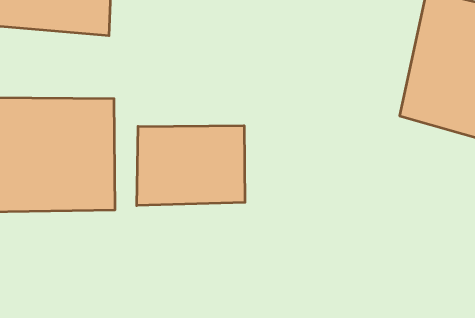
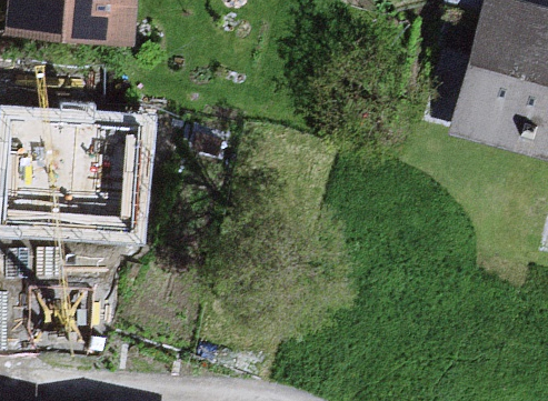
building: [137,126,245,206] -> none

